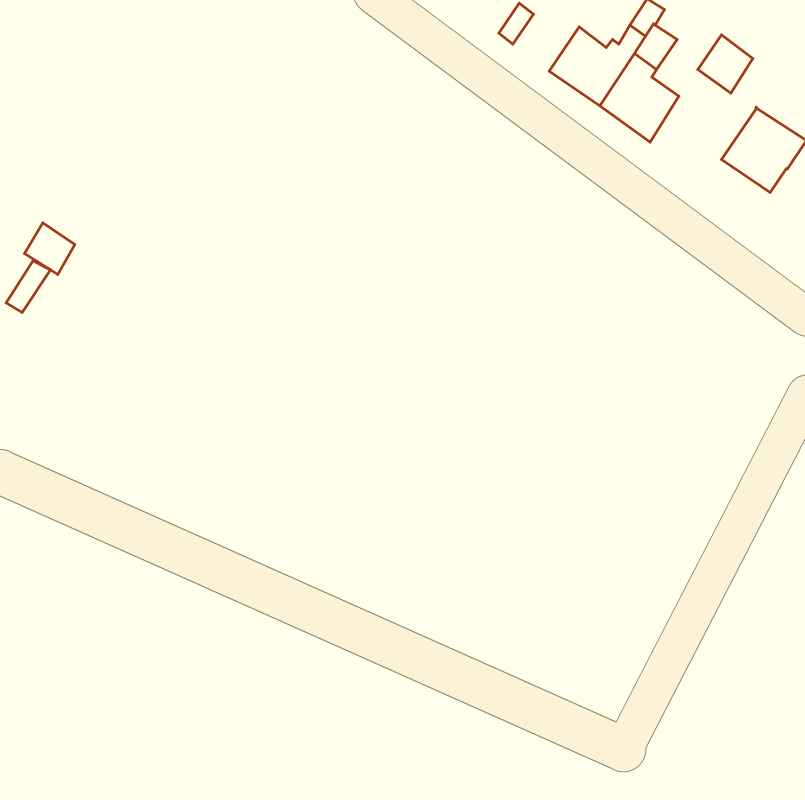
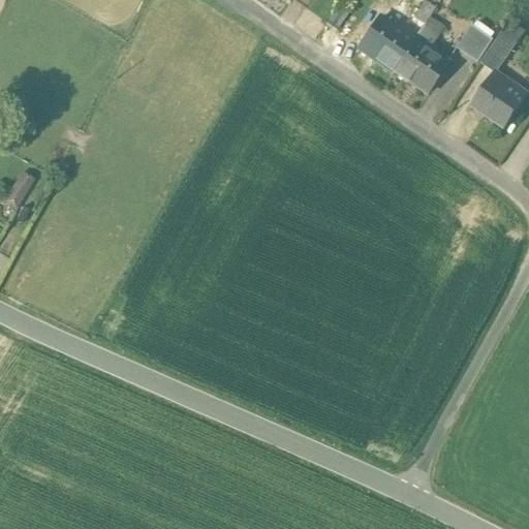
building: none -> [481,30,518,71]
building: [25,223,75,274] -> none

